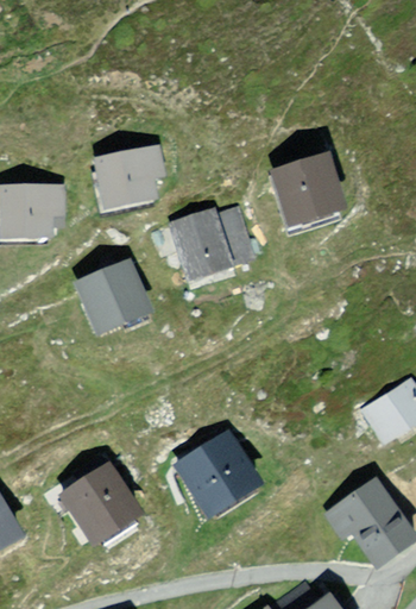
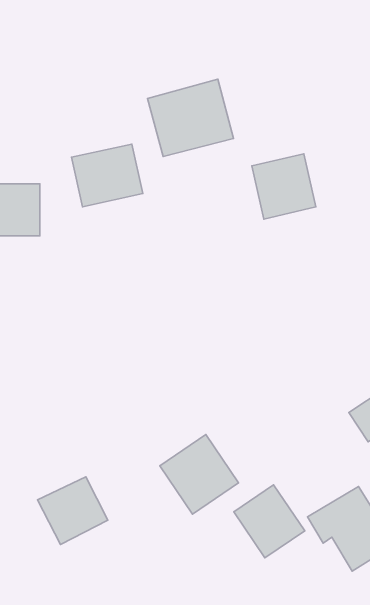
building: [176,205,260,281] -> [148,79,233,157]
building: [80,258,146,325] -> none
building: none -> [234,485,305,558]

